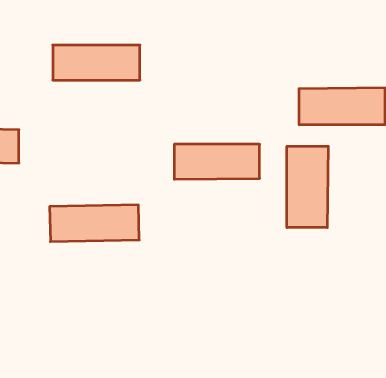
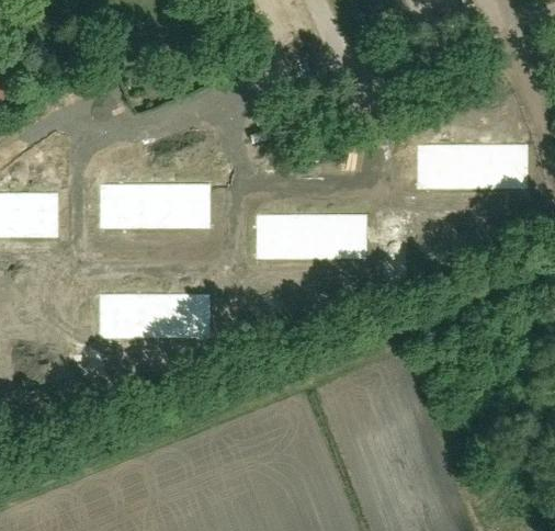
building: [53,45,140,80] -> [99,183,211,228]
building: [287,146,328,228] -> none

